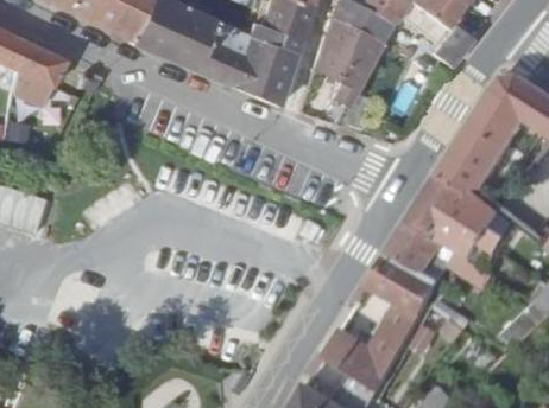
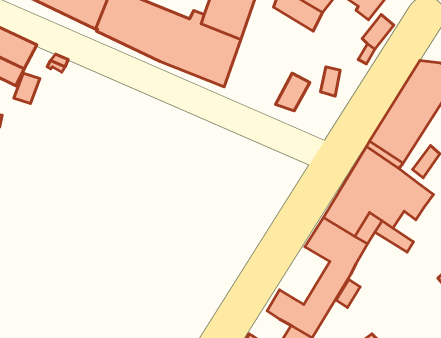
building: [315,15,379,106] -> none

